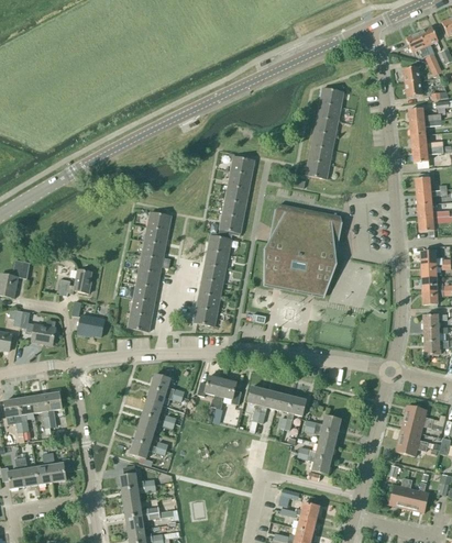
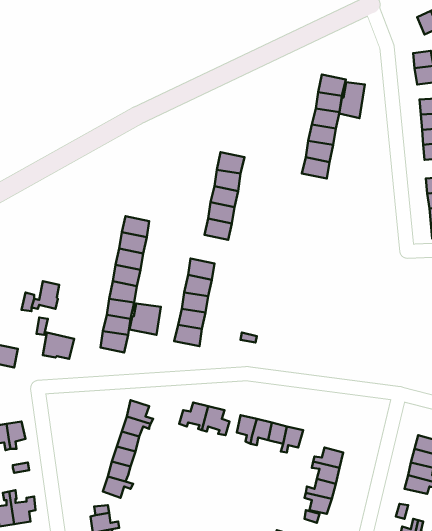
building: none -> [339,82,365,118]
building: [263,204,342,296] -> none
building: [207,229,240,254] -> none
building: none -> [130,303,161,335]

